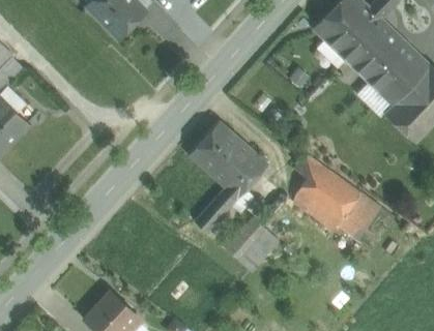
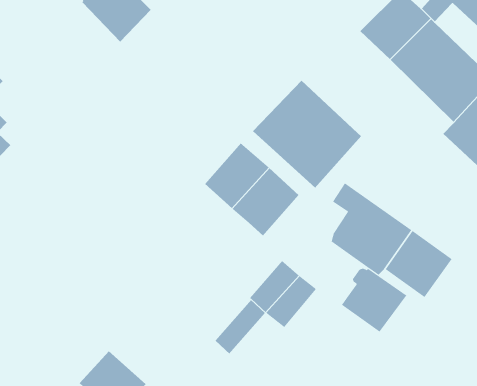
building: none -> [252,80,362,188]
building: [194,186,236,232] -> [214,299,266,354]
building: none -> [341,268,407,333]

